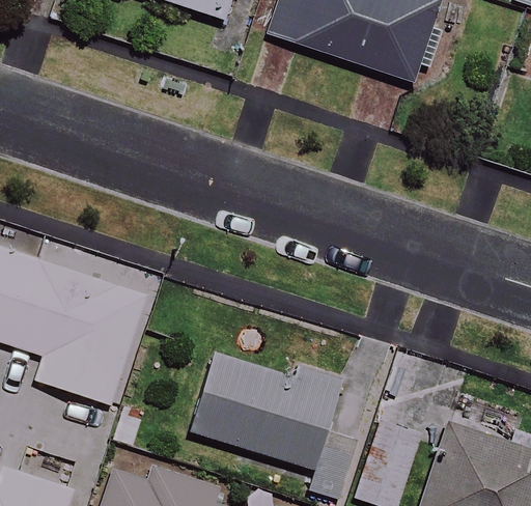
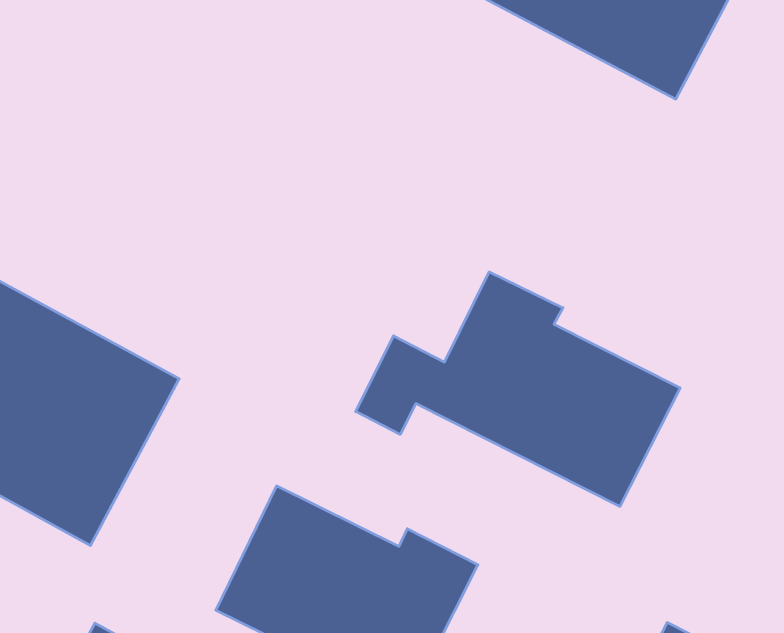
building: none -> [356,272,680,506]

